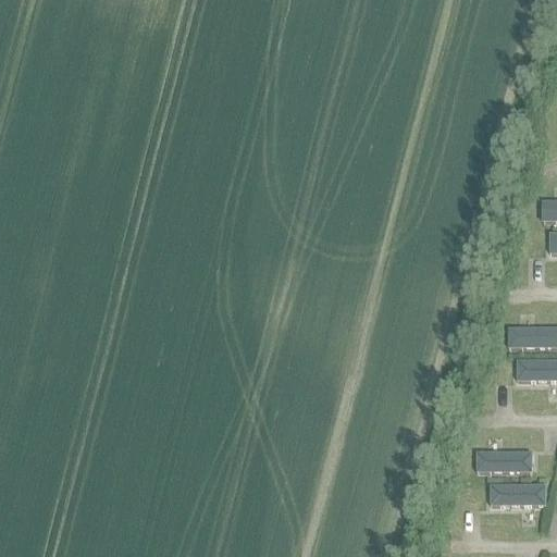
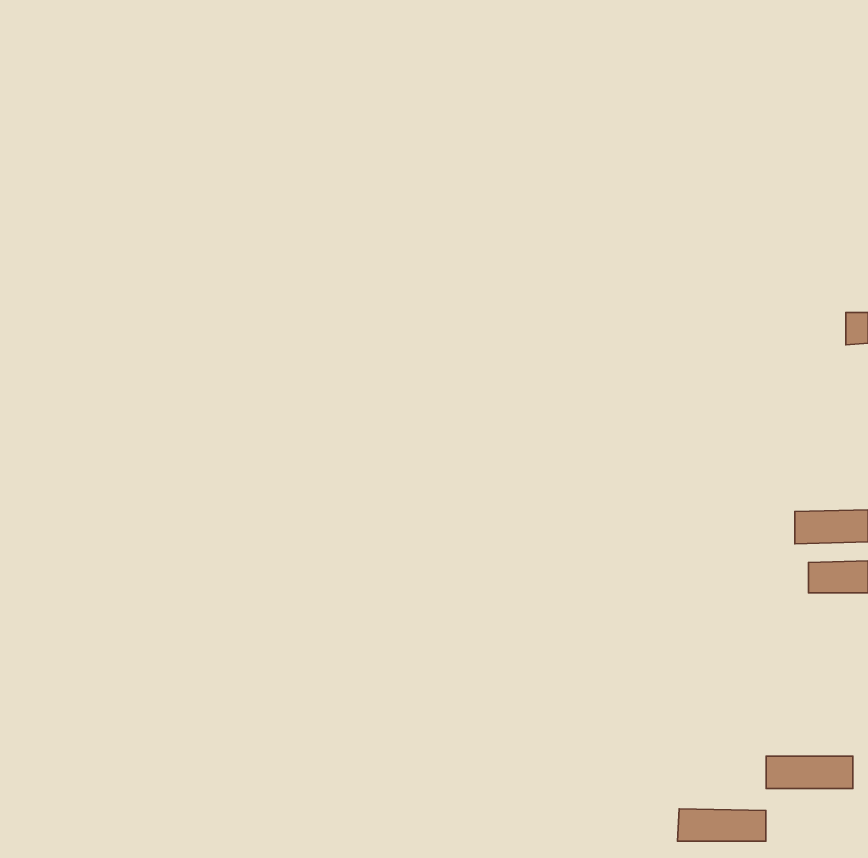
building: [476,450,533,471] -> [678,809,766,841]

